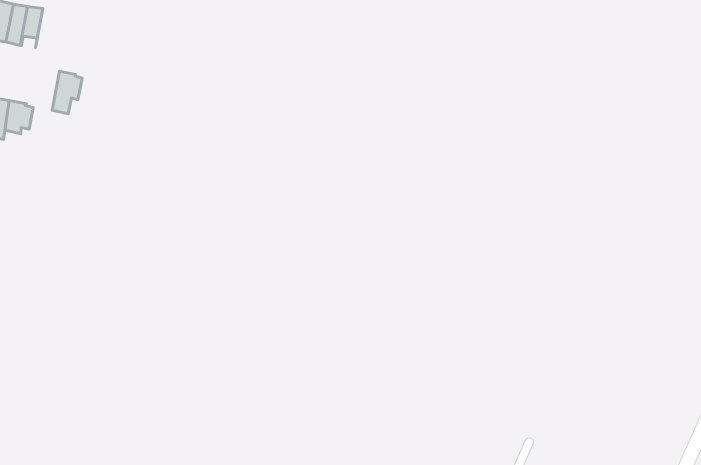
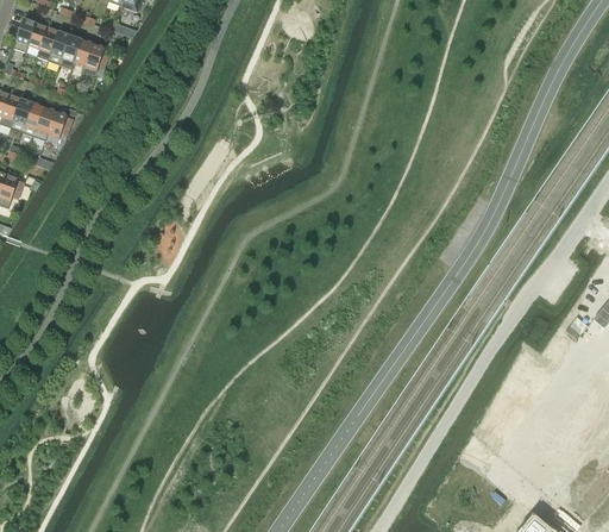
building: [52,71,82,114] -> [81,40,108,75]

